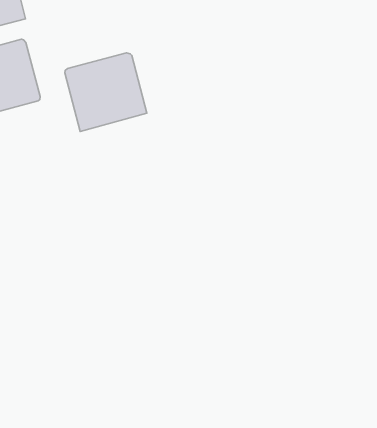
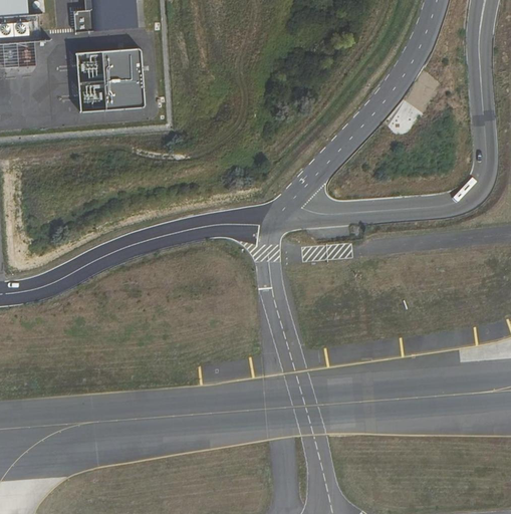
building: [65,53,147,132] -> none

